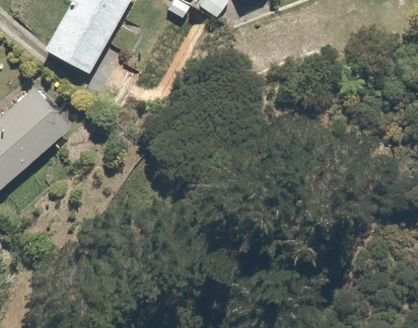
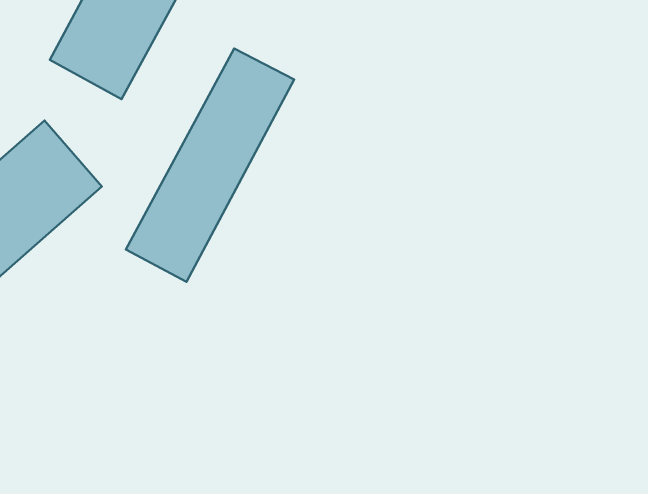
building: none -> [126,49,294,282]

